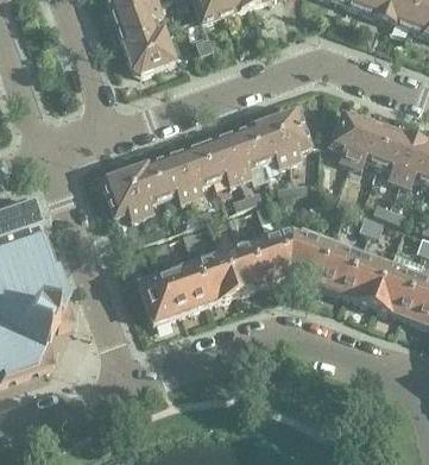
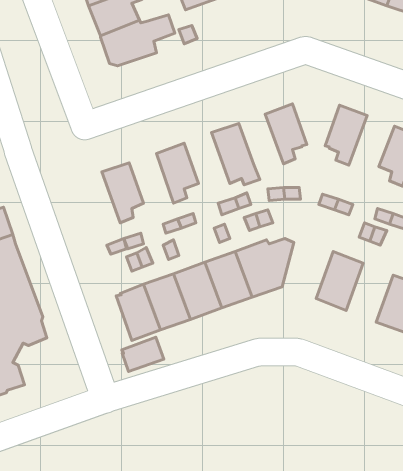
building: [250,117,290,166] -> none
building: [349,118,391,168] -> none
building: [200,133,241,184] -> none
building: [150,152,190,202] -> none
building: [101,169,141,219] -> none
building: [289,228,335,284] -> none
building: [347,252,390,306] -> none
building: none -> [122,337,164,372]

